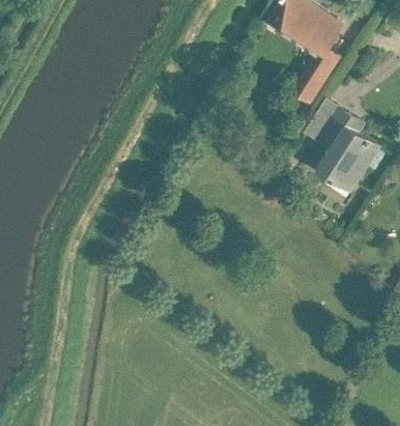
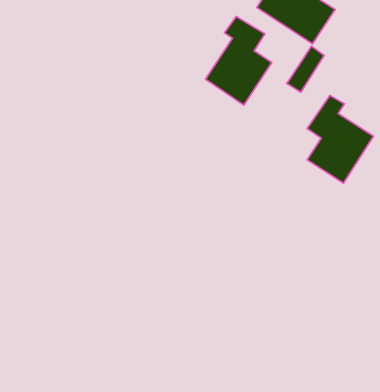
building: none -> [205,16,272,105]

